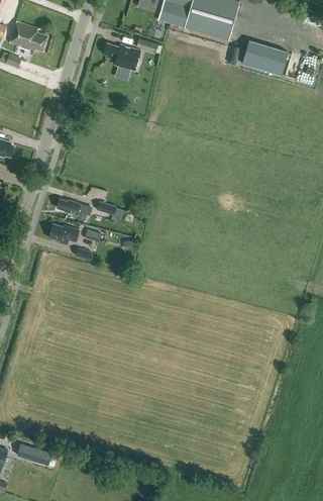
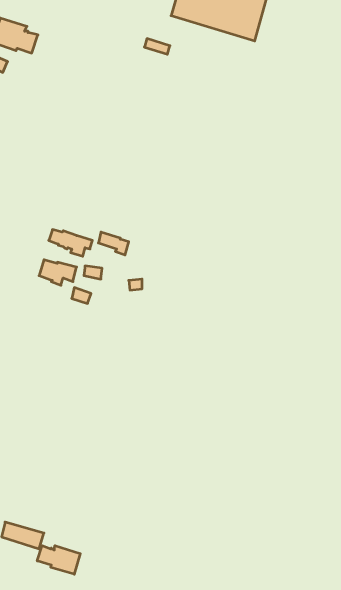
building: [241,39,287,75] -> none
building: [104,42,140,70] -> none
building: none -> [37,546,80,574]

